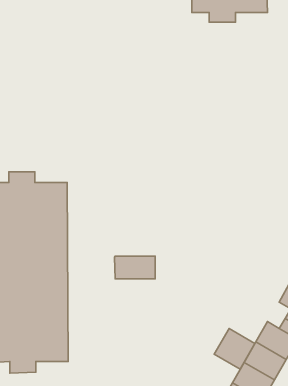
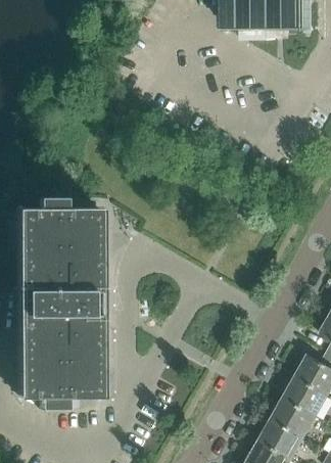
building: [115,256,155,279] -> none
building: [214,328,255,369] -> none

